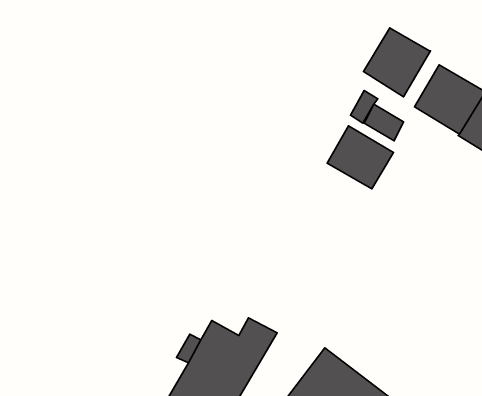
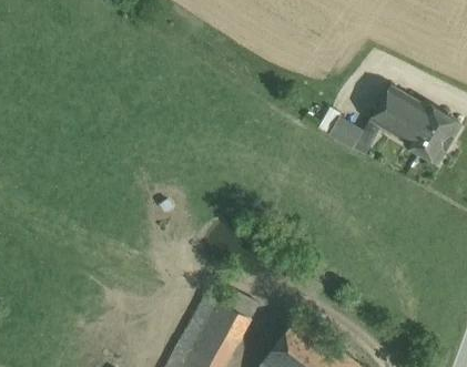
building: [364,28,430,97] -> none
building: [327,126,394,189] -> none

